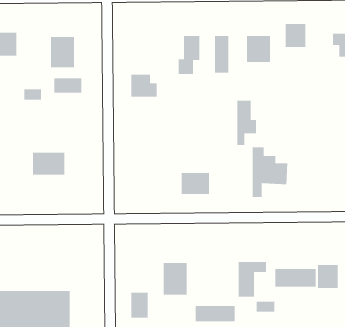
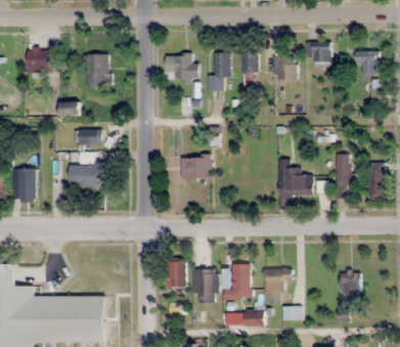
building: [131,74,157,98] -> [172,55,197,78]
building: [53,77,82,94] -> [75,130,102,145]
building: [237,100,257,146] -> [336,154,355,198]
building: [181,172,210,195] -> [182,157,210,178]
building: none -> [224,265,251,300]
building: [275,268,317,287] -> none
building: [130,292,149,319] -> [168,262,185,288]

